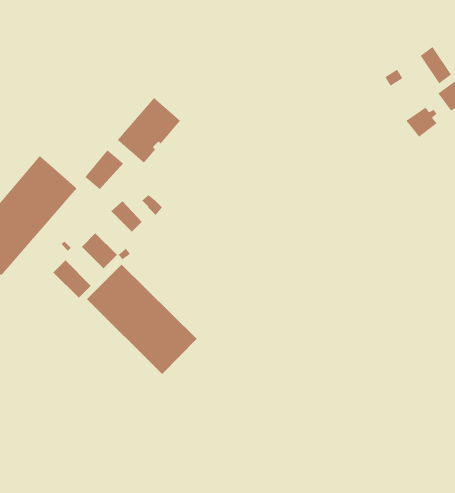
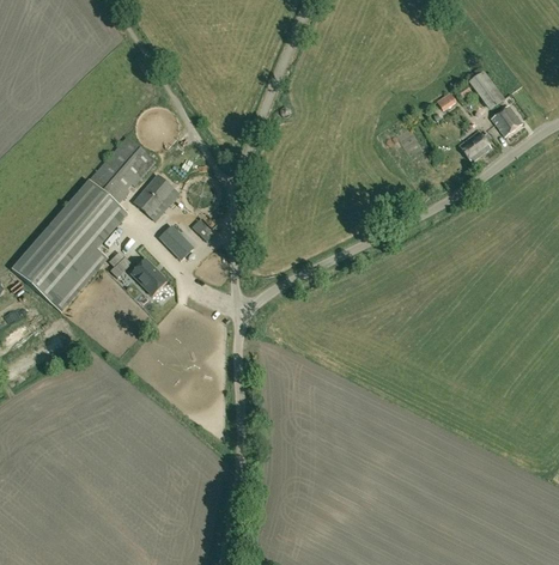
building: [117,97,181,164] -> [90,138,154,205]
building: [53,260,92,299] -> none
building: [86,264,197,375] -> none

